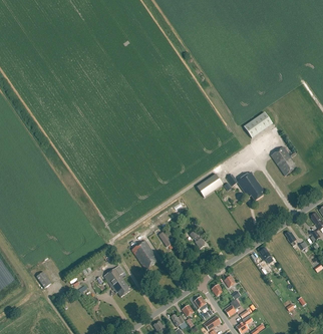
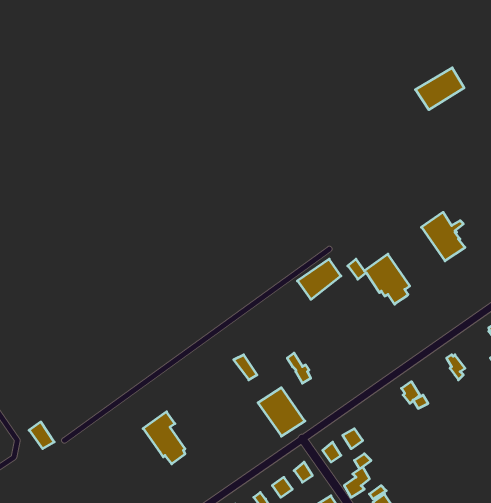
building: [242,111,271,136] -> [415,68,464,110]
building: [131,241,159,270] -> [258,388,305,436]

